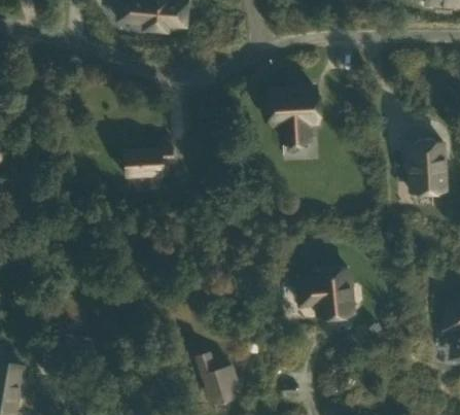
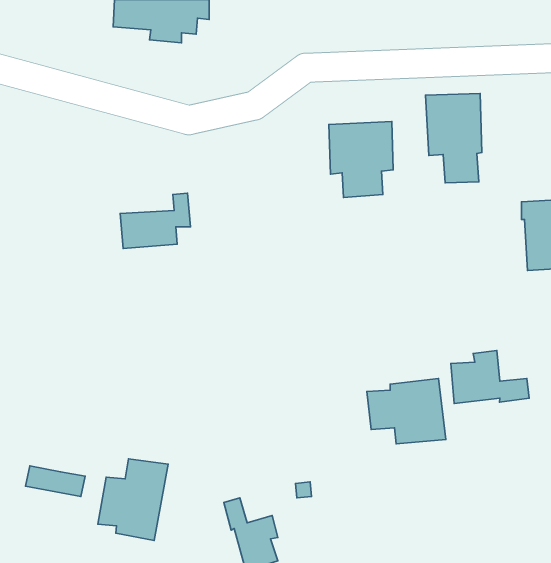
building: none -> [426,94,482,183]
building: none -> [451,351,529,403]
building: none -> [98,459,168,540]

